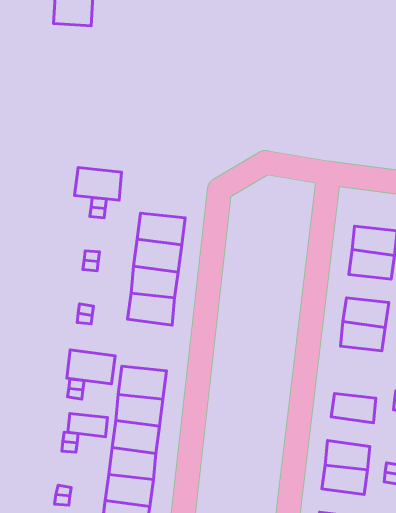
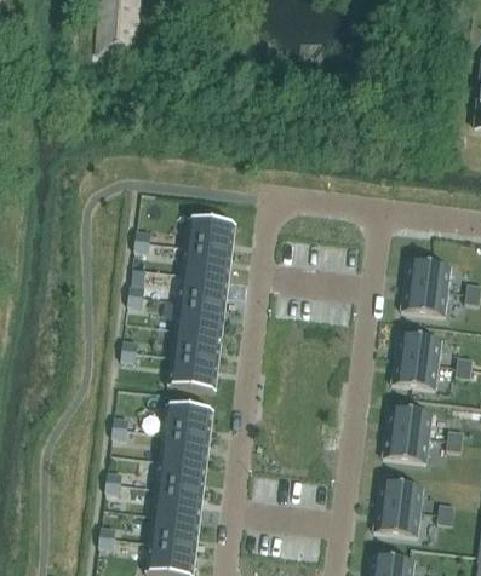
building: [75,167,122,200] -> [187,217,235,250]
building: [67,350,115,384] -> [170,355,219,390]
building: none -> [386,405,433,436]
building: [68,414,108,437] -> none

